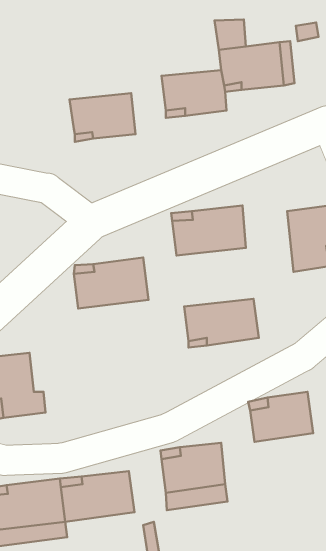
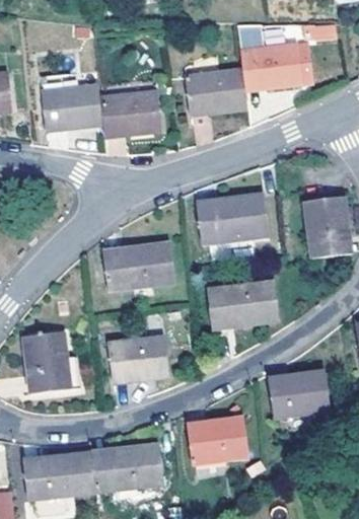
building: none -> [43,83,104,127]
building: none -> [110,337,167,379]

